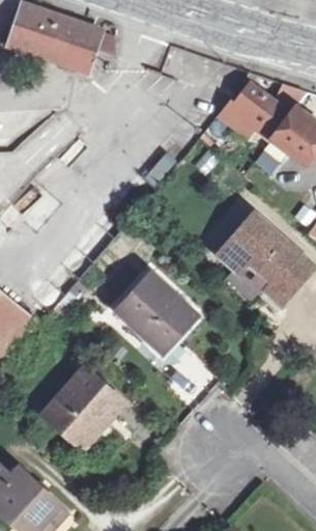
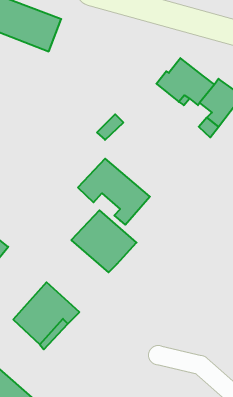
building: [218,217,308,300] -> [78,159,150,225]

